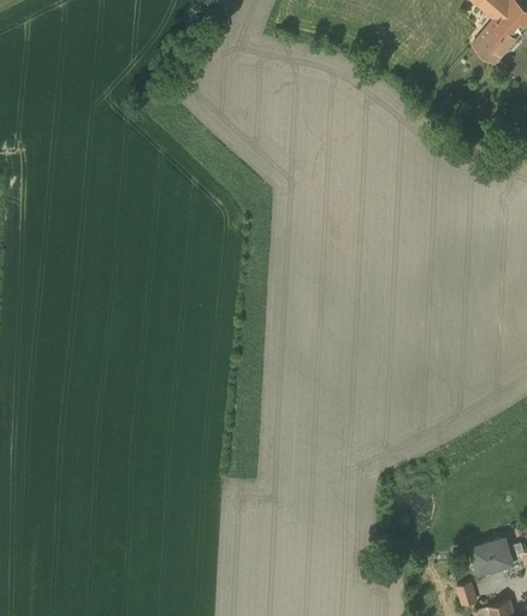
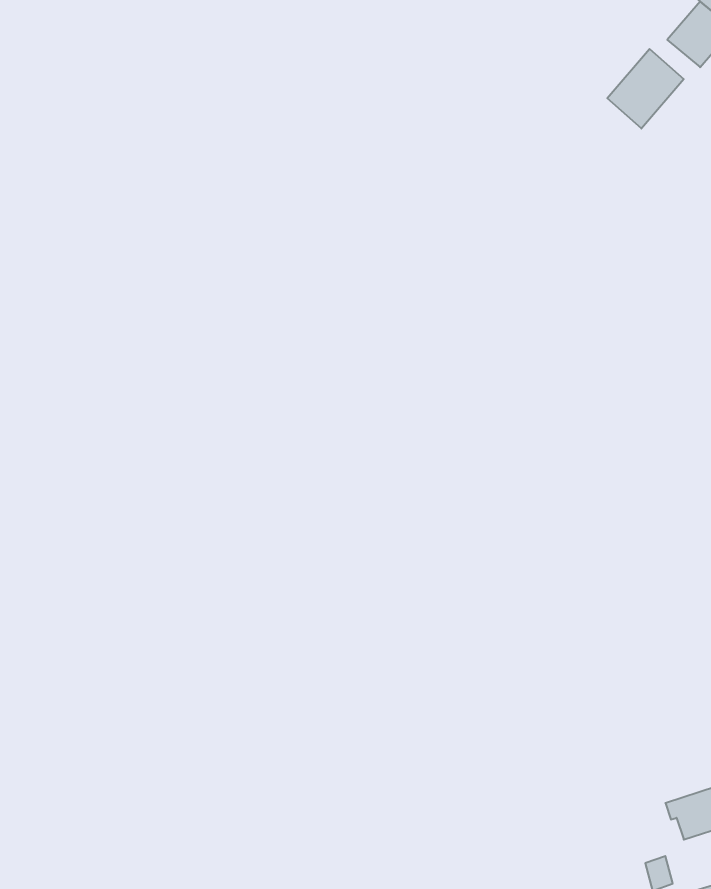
building: none -> [607,49,684,129]

